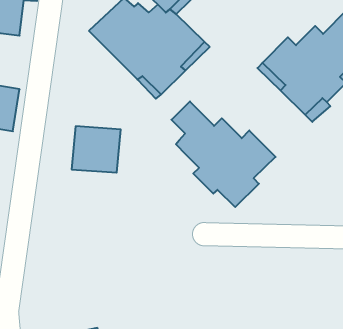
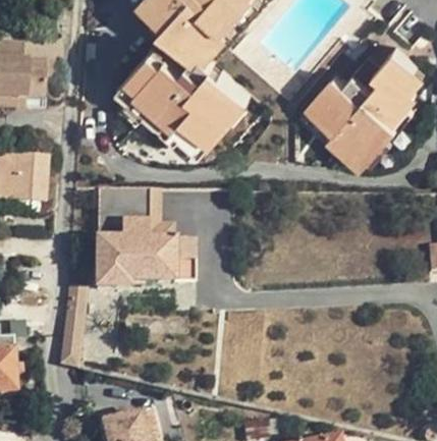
building: [171,101,276,207] -> none
building: none -> [97,239,195,289]
building: none -> [64,283,88,365]

